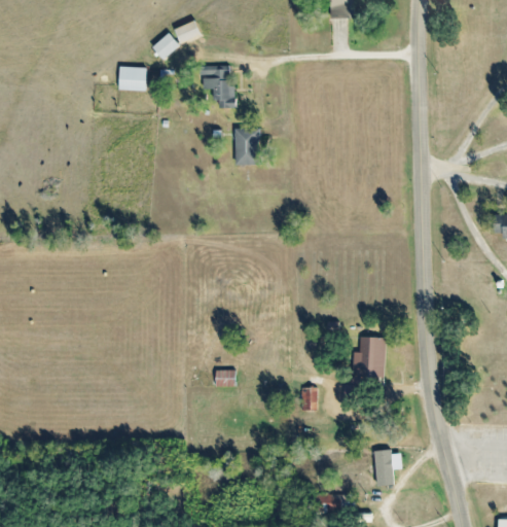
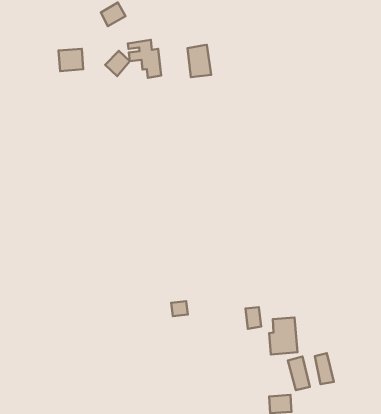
building: [152,31,181,60] -> [105,51,130,76]
building: [237,129,260,164] -> [187,45,211,77]
building: [350,331,382,373] -> [269,318,297,354]
building: none -> [288,356,310,390]

